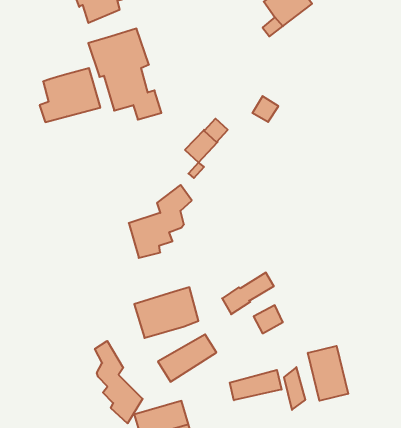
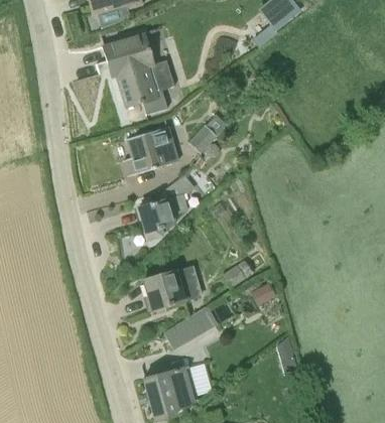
building: [40,68,100,122] -> [124,127,178,175]
building: [95,341,143,423] -> none
building: [308,346,348,401] -> none
building: [230,370,282,400] -> none

